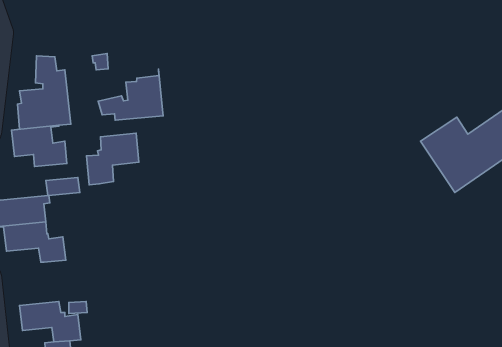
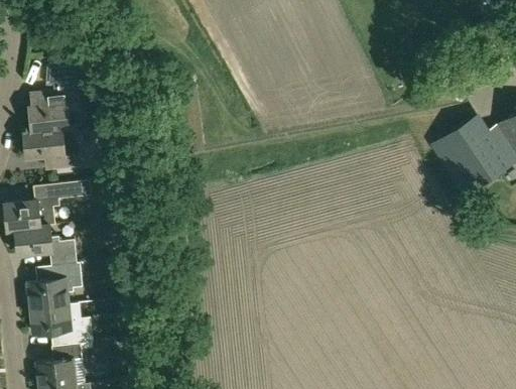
building: [98,69,163,120] -> none
building: [86,133,139,185] -> none
building: none -> [27,262,81,307]

